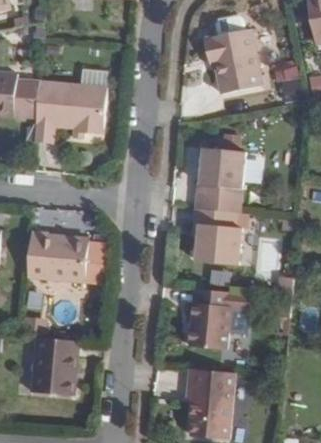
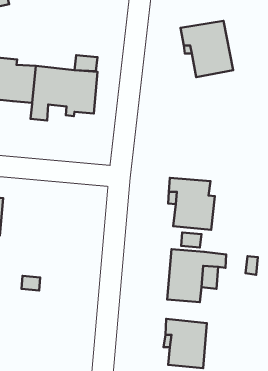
building: [193,148,247,211] -> none
building: [28,229,90,280] -> none
building: [32,336,80,394] -> none

